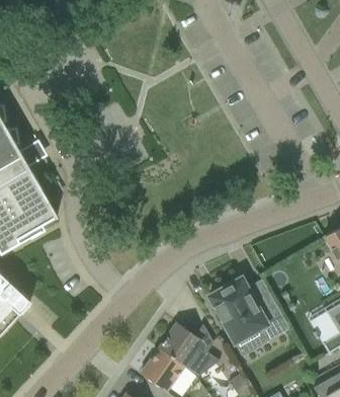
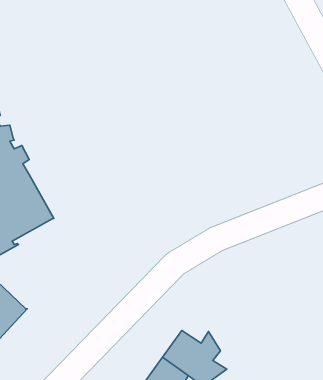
building: [208,277,288,343] -> none

